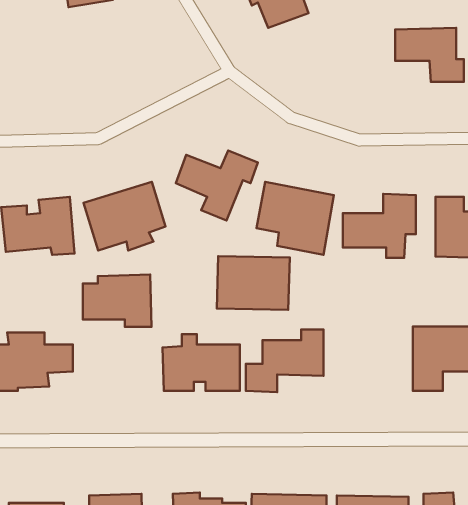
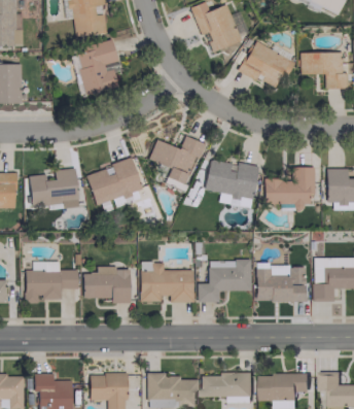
building: none -> [77,40,117,95]
building: none -> [239,40,295,88]
building: [217,256,290,310] -> [256,265,307,302]
building: [83,275,152,327] -> [83,267,131,303]

